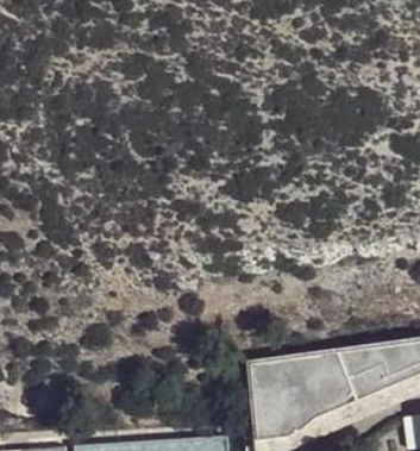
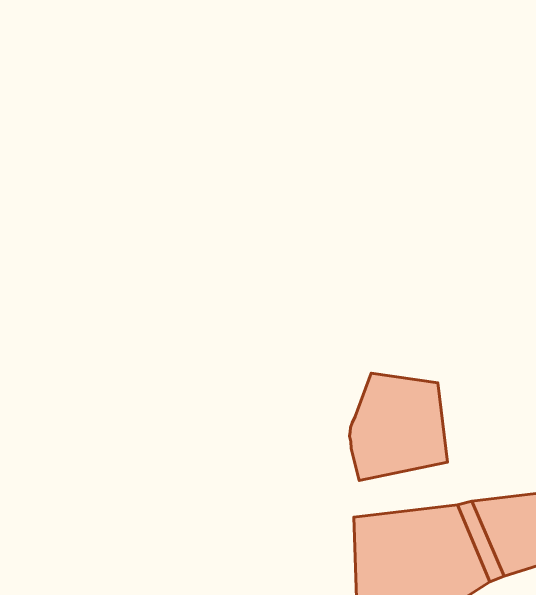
building: none -> [350,373,447,480]

